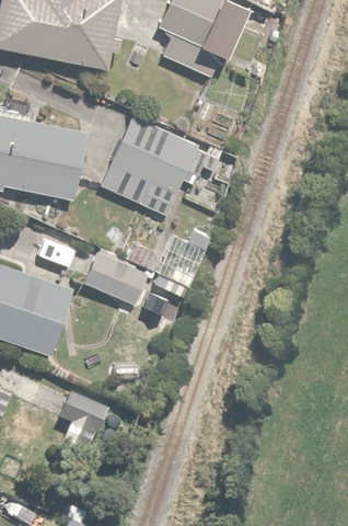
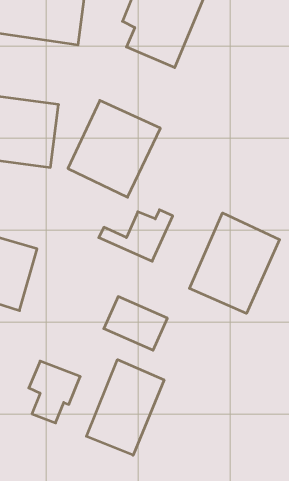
building: none -> [189,213,280,313]
building: [80,250,148,307] -> [104,297,167,350]
building: none -> [86,360,164,455]

